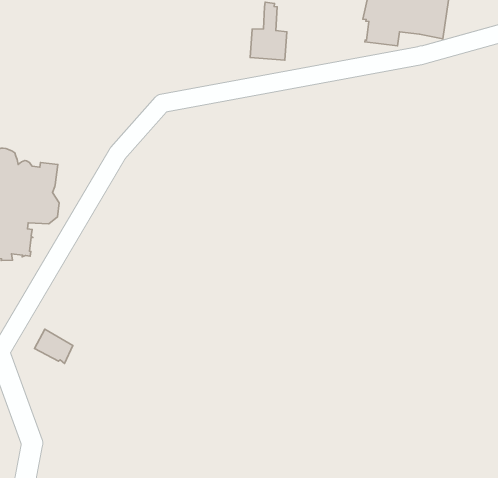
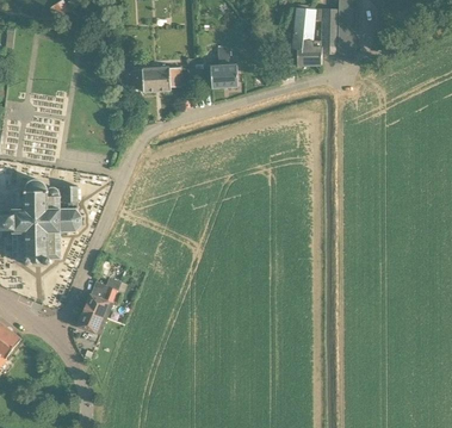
building: none -> [130,67,179,92]
building: none -> [81,277,119,321]

